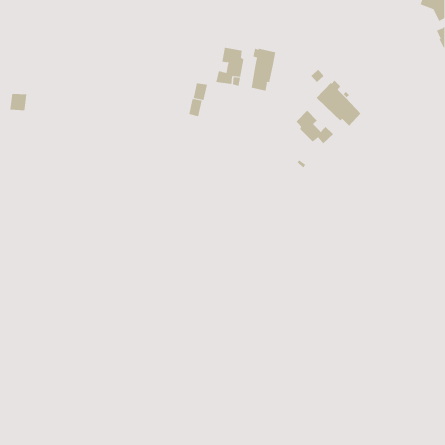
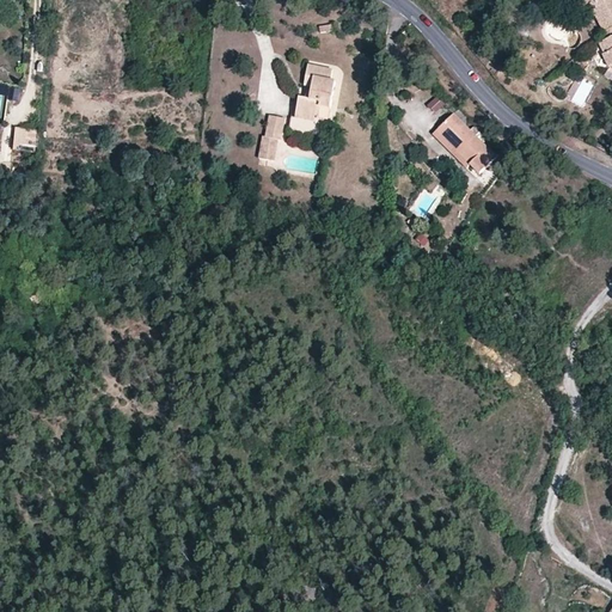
building: [251,48,276,92] -> none
building: [296,110,334,144] -> none

